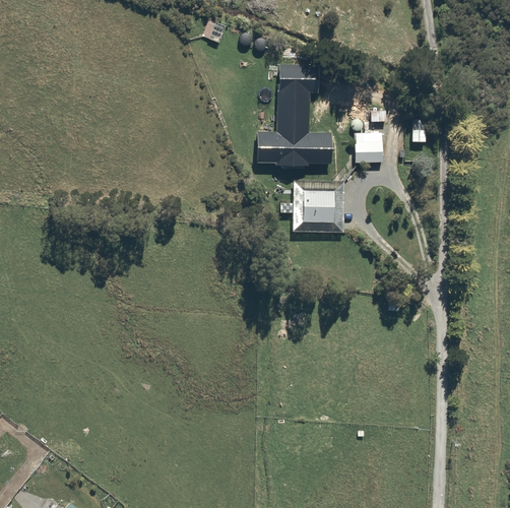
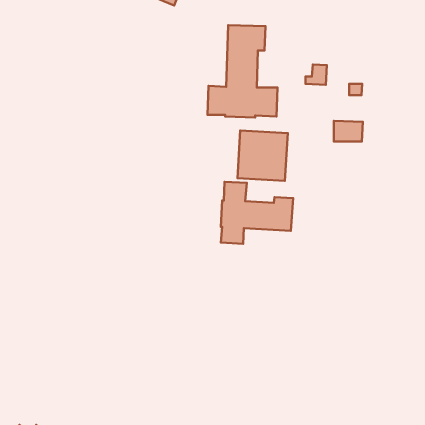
building: [353,140,384,163] -> [334,121,363,141]
building: none -> [221,182,293,244]

